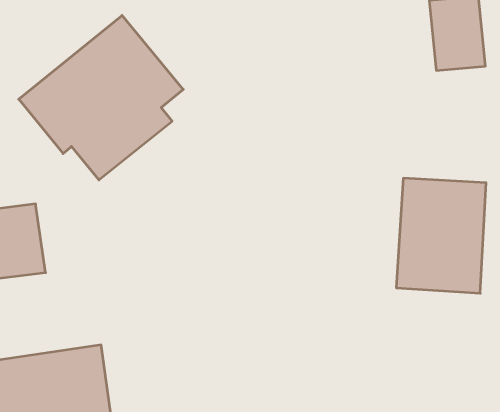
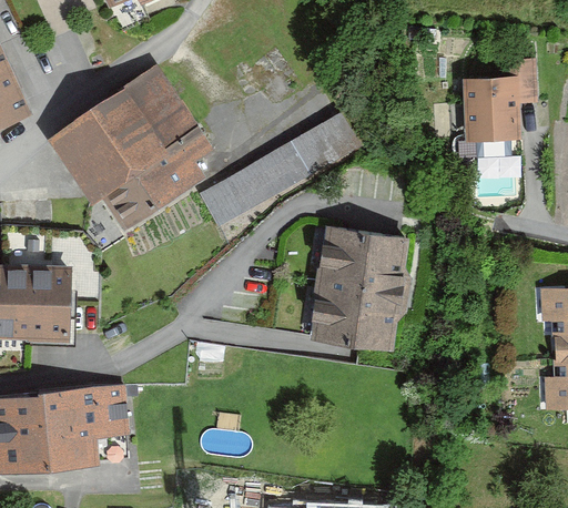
building: none -> [202,102,368,224]
building: [396,178,486,293] -> [311,227,408,348]

